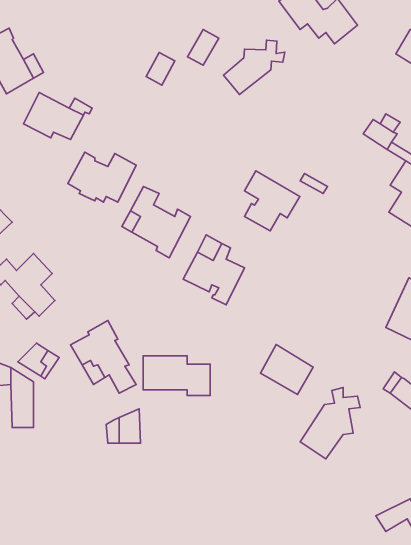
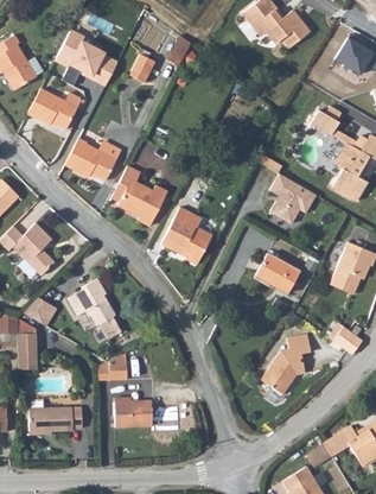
building: none -> [57,31,115,82]
building: [223,40,285,95] -> none
building: [244,171,300,231] -> [270,173,317,223]
building: [261,345,313,394] -> [255,252,299,293]
building: [143,356,210,396] -> [116,399,172,432]
building: none -> [30,406,82,432]

